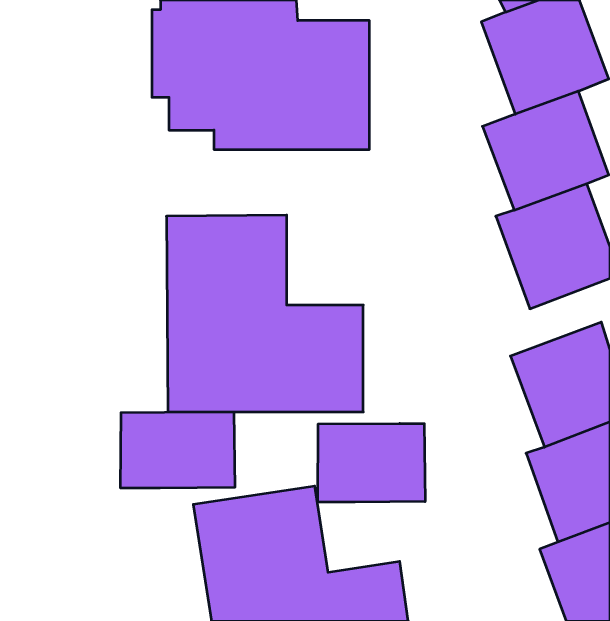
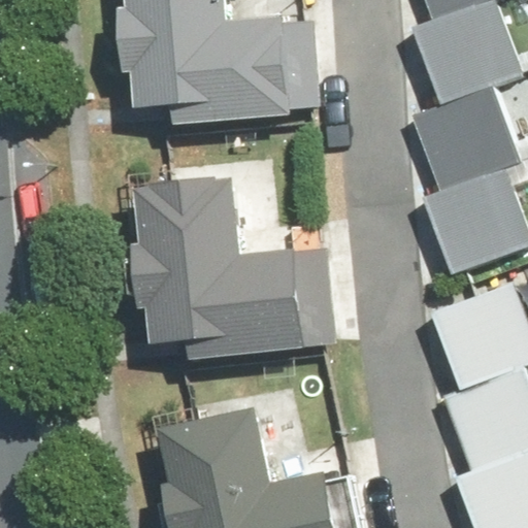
building: [121,412,235,488] -> none
building: [318,423,425,502] -> none

